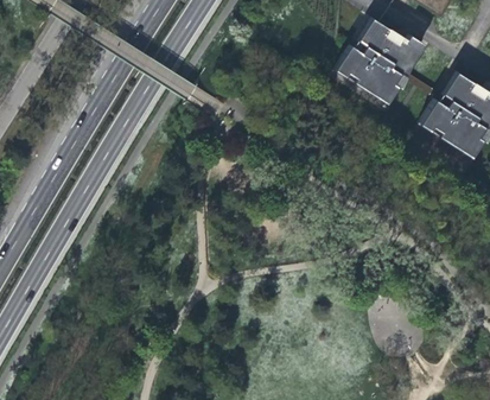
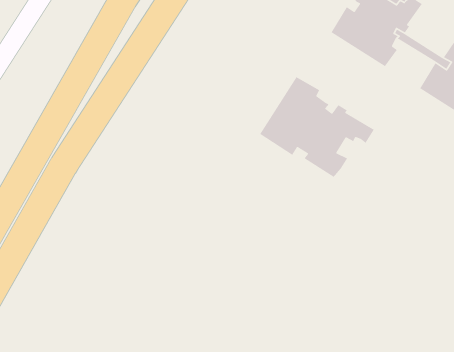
building: none -> [259,76,375,178]

